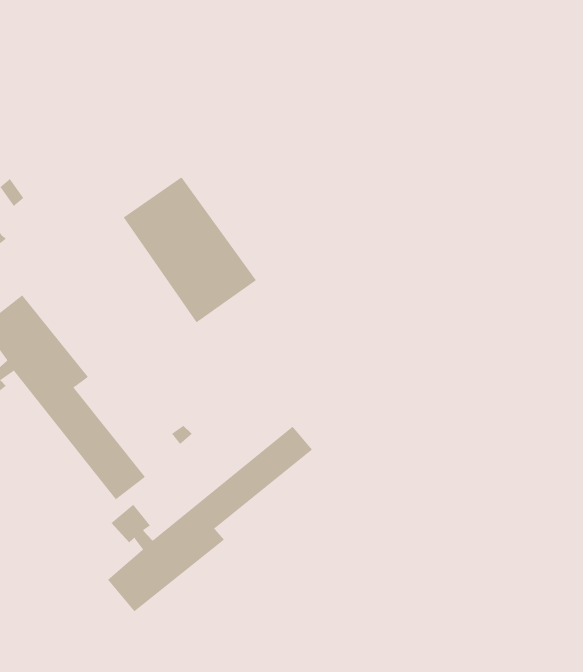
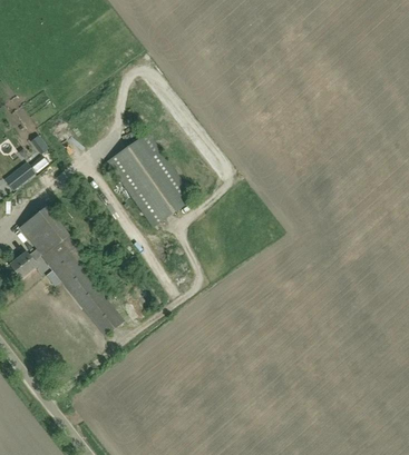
building: [107,426,313,612] -> none

